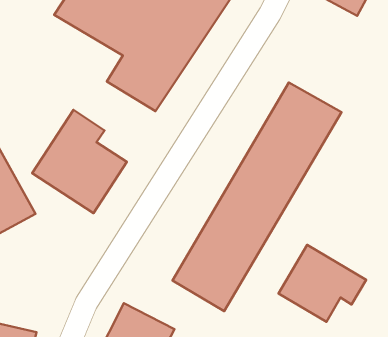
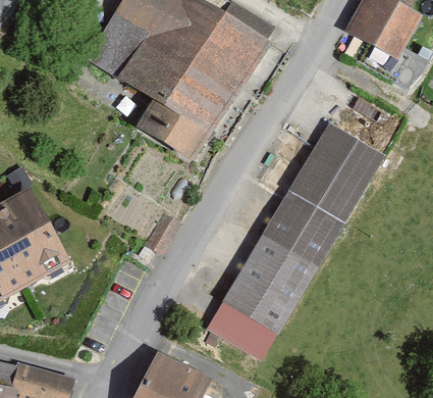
building: [32,110,127,213] -> none
building: [278,245,366,322] -> none

